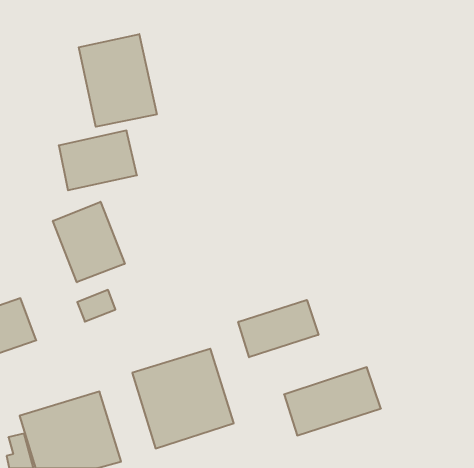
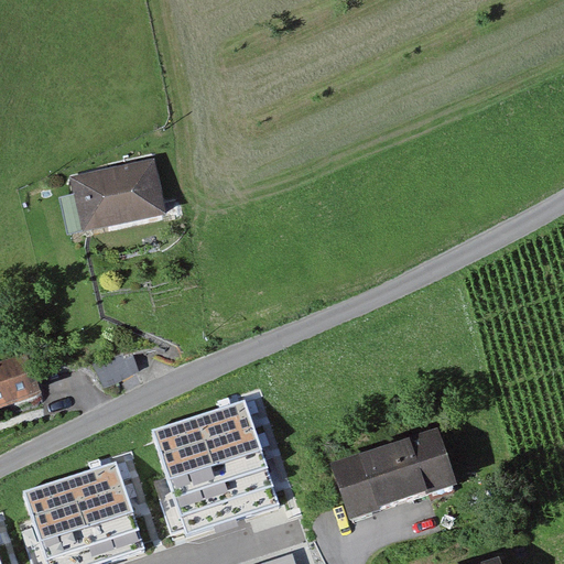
building: [79,34,157,127] -> none
building: [53,202,125,282] -> none
building: [238,300,318,357] -> none

